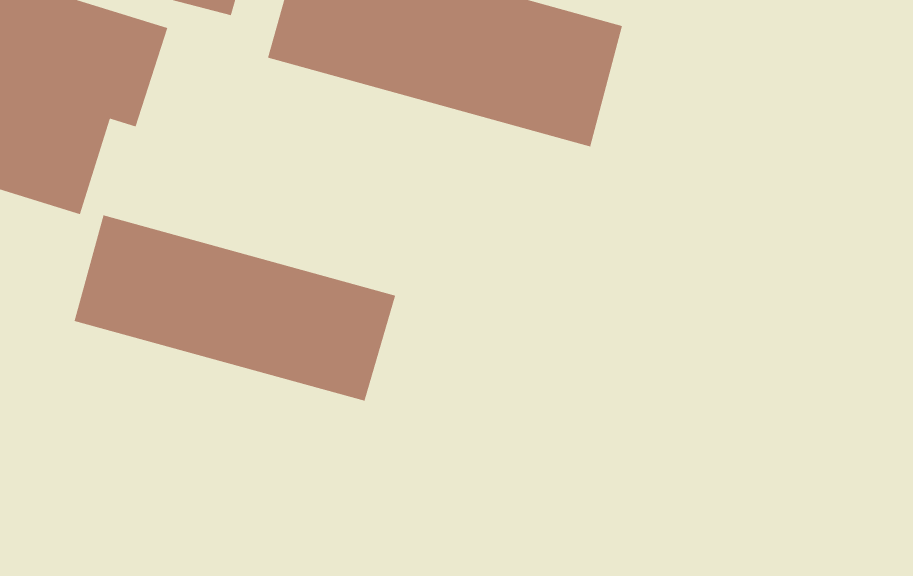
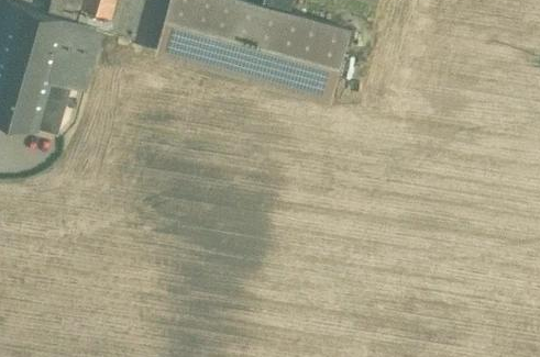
building: [74,214,396,401] -> none

